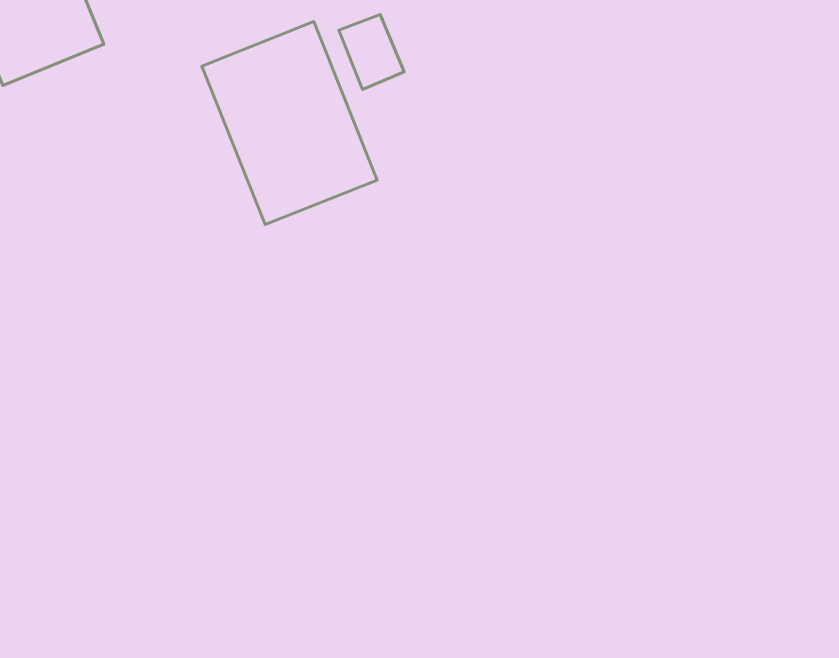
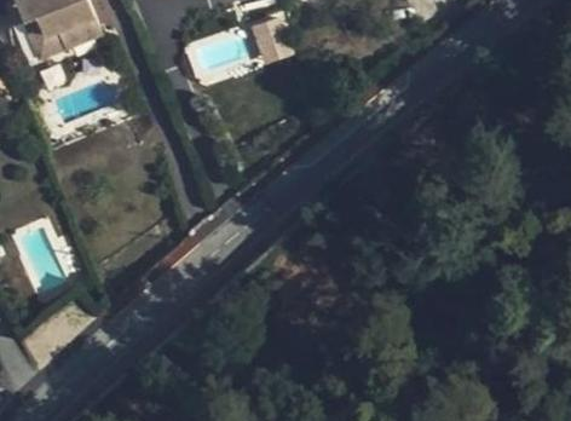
building: [202,22,377,225] -> none

